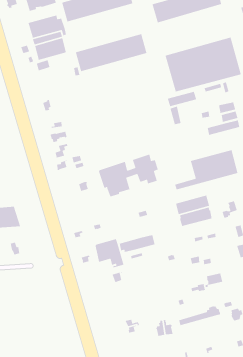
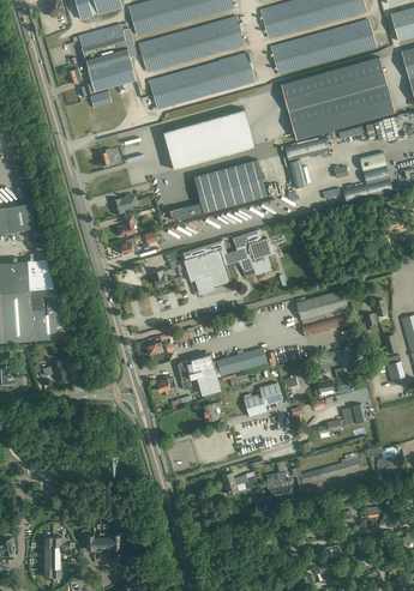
building: none -> [139,16,244,71]
building: none -> [269,18,376,76]
building: none -> [162,109,254,169]
building: [174,149,239,191] -> [170,159,265,221]
building: none -> [242,382,281,416]

